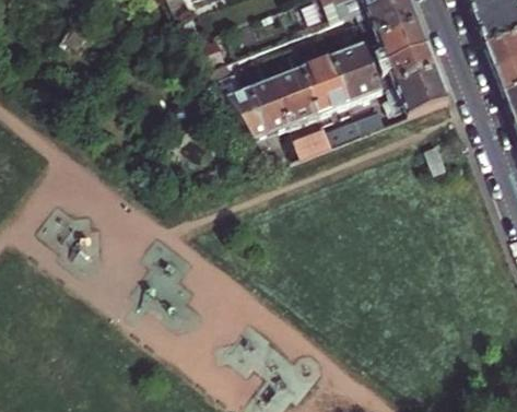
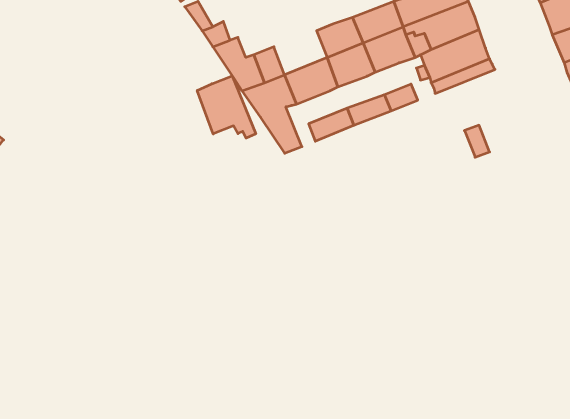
building: [268,66,312,102] -> none
building: none -> [197,76,256,138]

